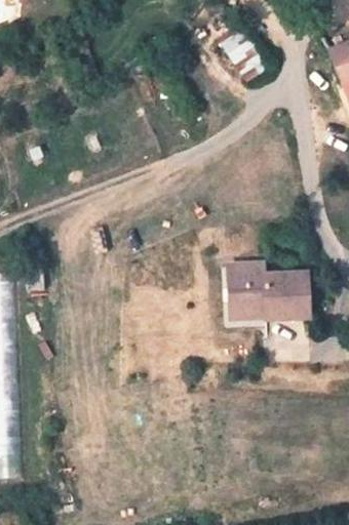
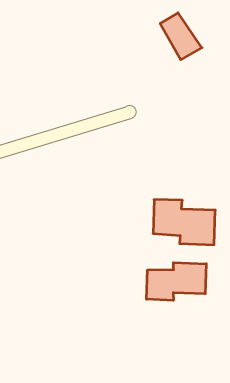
building: none -> [147,263,206,300]

